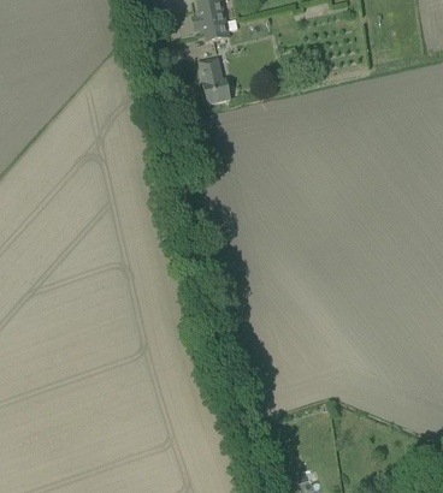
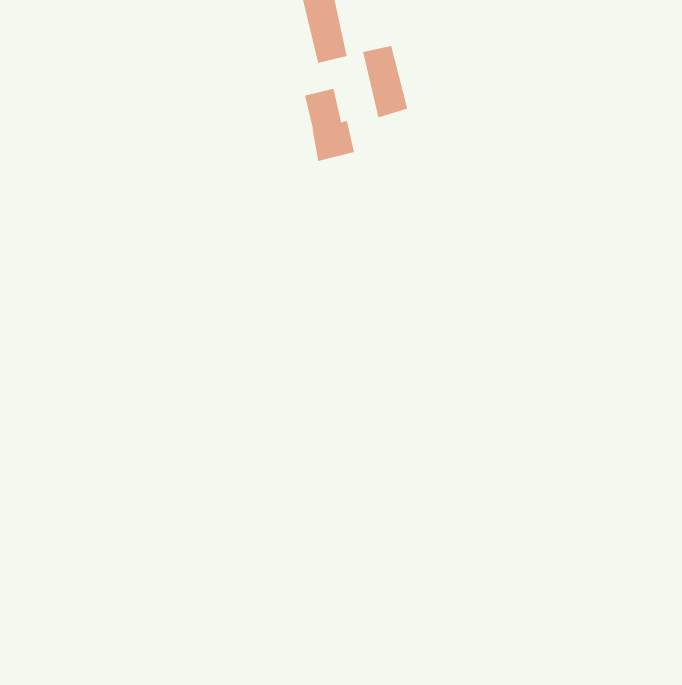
building: none -> [363,45,408,118]

